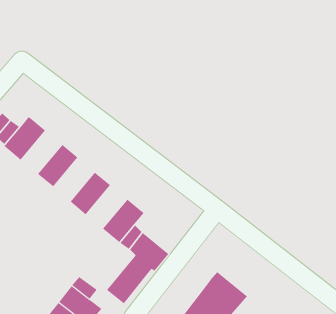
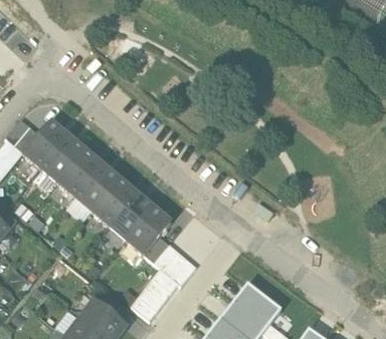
building: none -> [41,137,84,183]
building: none -> [75,165,119,212]
building: none -> [110,195,153,240]

